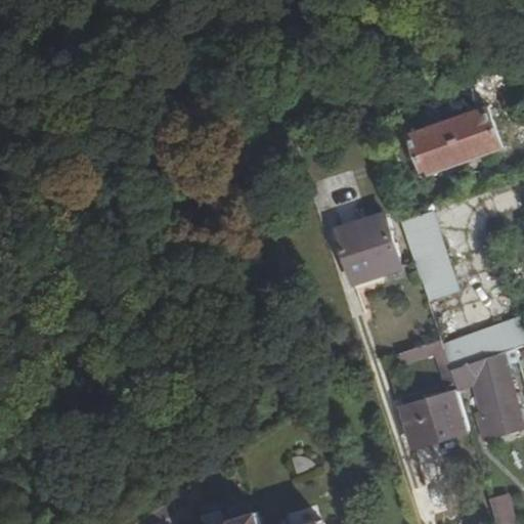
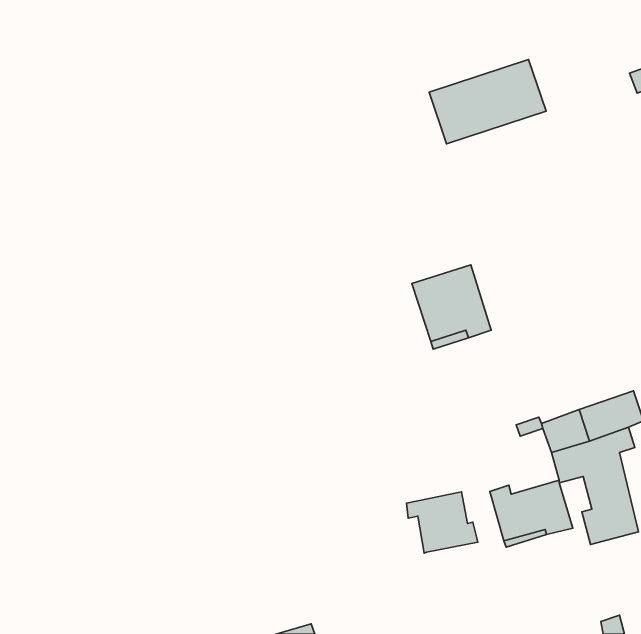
building: [407,107,503,176] -> [429,59,546,144]
building: [400,211,457,303] -> none
building: none -> [407,492,478,553]

